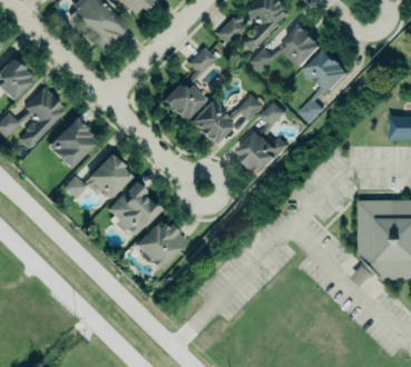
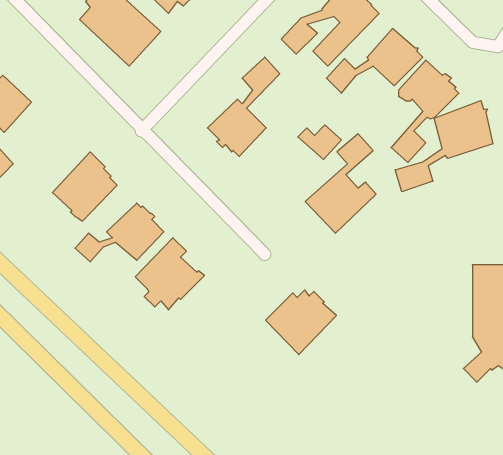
building: none -> [395,101,493,192]
building: [17,88,66,149] -> none
building: [189,101,234,146] -> none
building: [135,220,187,268] -> [266,290,336,355]

